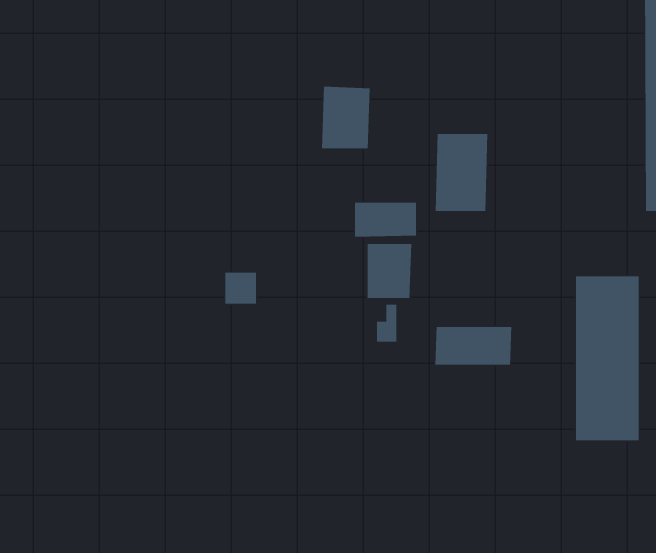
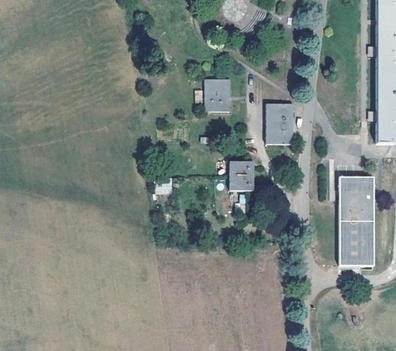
building: [355,202,417,238] -> none
building: [435,326,512,365] -> none

